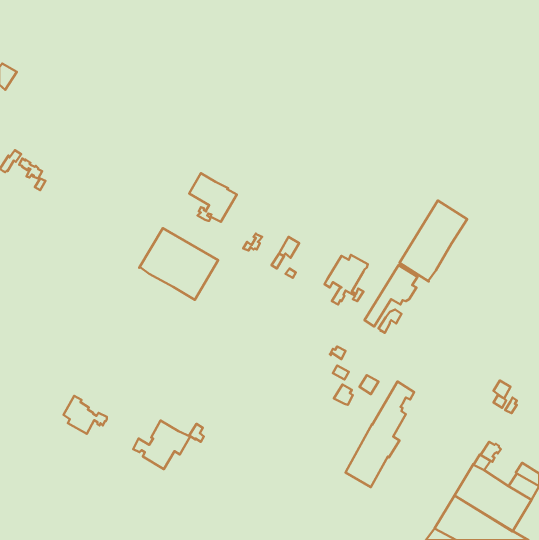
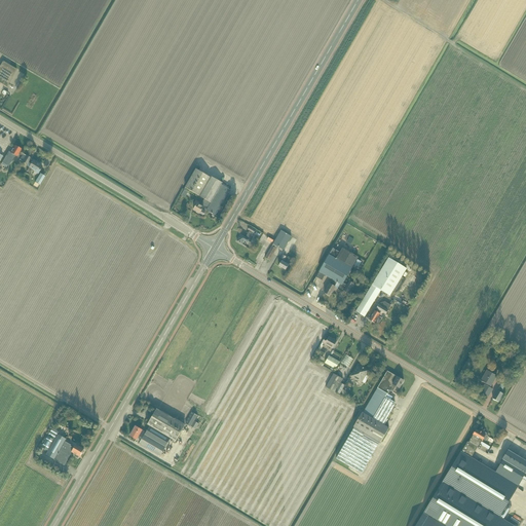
building: [399,200,467,282] -> none
building: [139,228,218,300] -> none
building: [64,396,107,434] -> [41,428,83,465]

